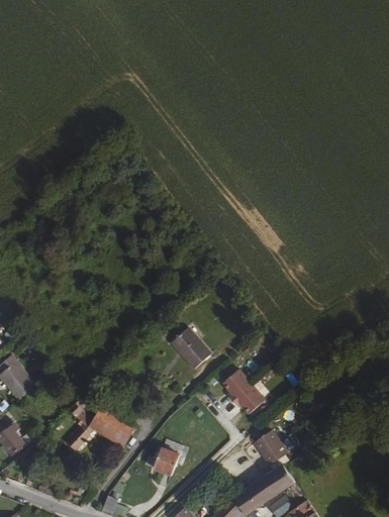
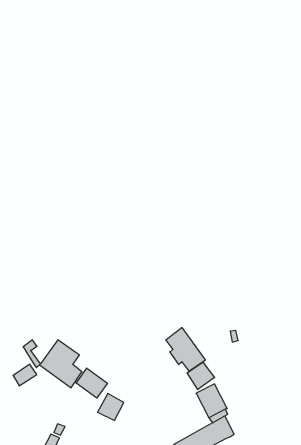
building: [176,330,214,370] -> none
building: none -> [187,362,215,390]
building: none -> [76,368,107,398]

